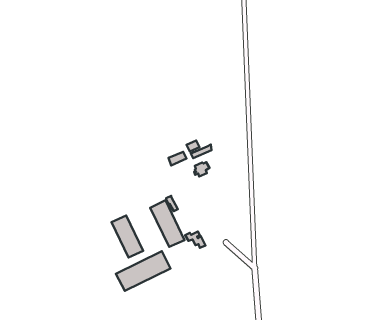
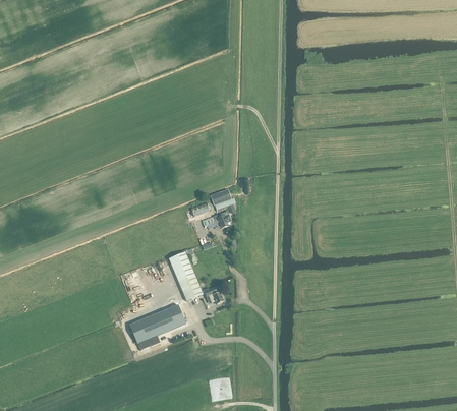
building: [111,216,143,258] -> none

